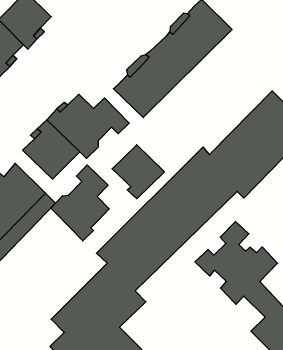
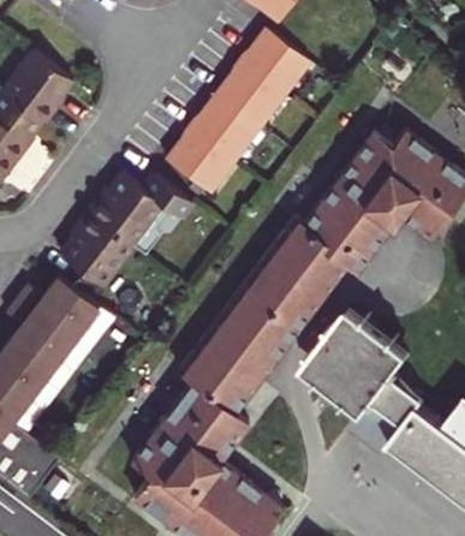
building: [112,145,164,199] -> none
building: [51,165,109,241] -> none
building: none -> [344,400,403,457]

